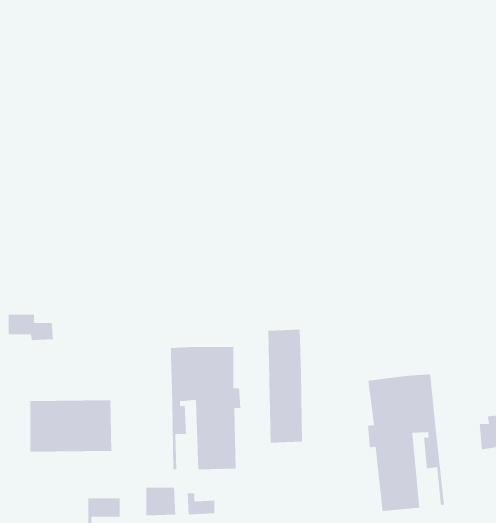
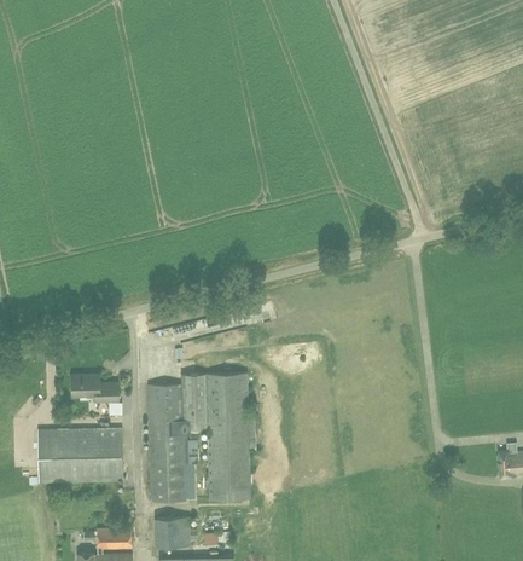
building: [8,314,54,341] -> [71,374,118,401]
building: [267,329,303,443] -> [147,383,184,501]
building: [367,373,445,512] -> none

